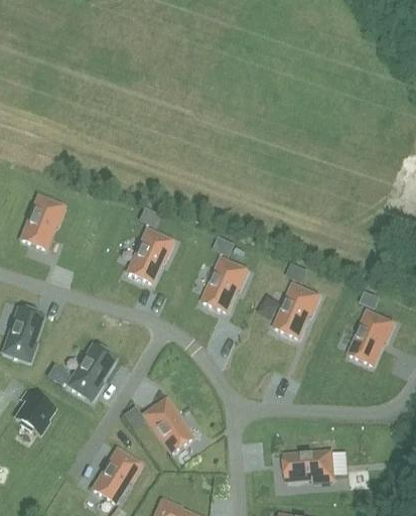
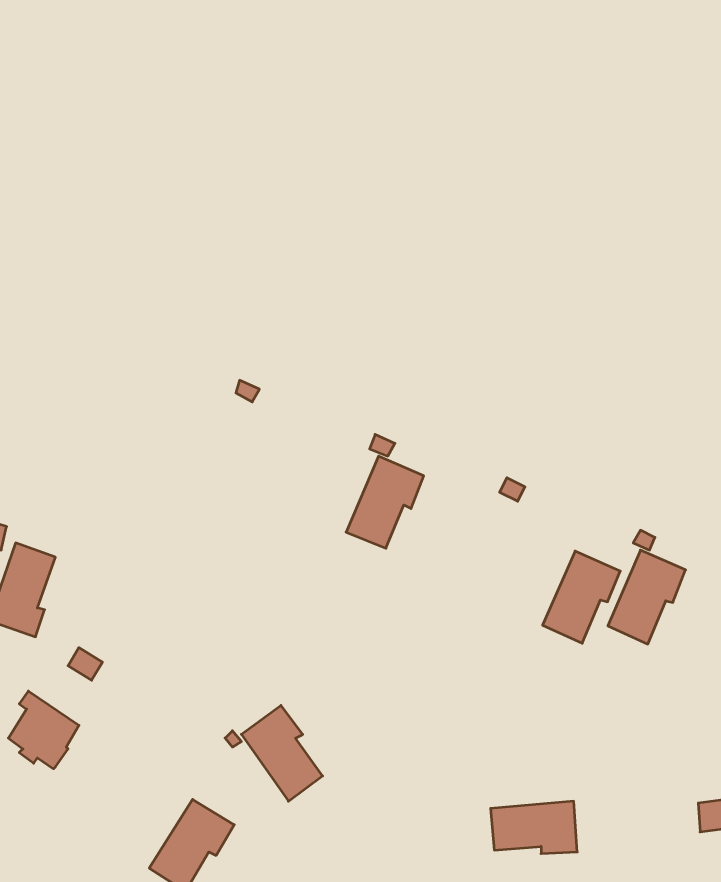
building: [22,195,64,246] -> none
building: [128,229,172,281] -> none
building: [275,284,318,336] -> [543,551,620,643]
building: [68,344,114,398] -> none

